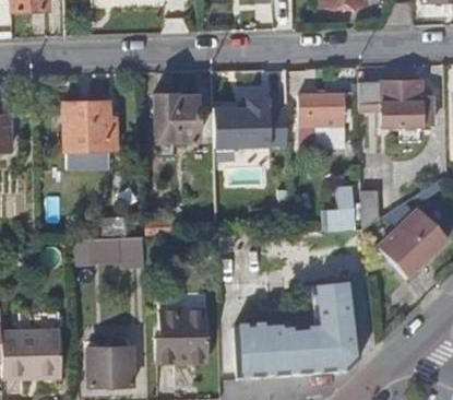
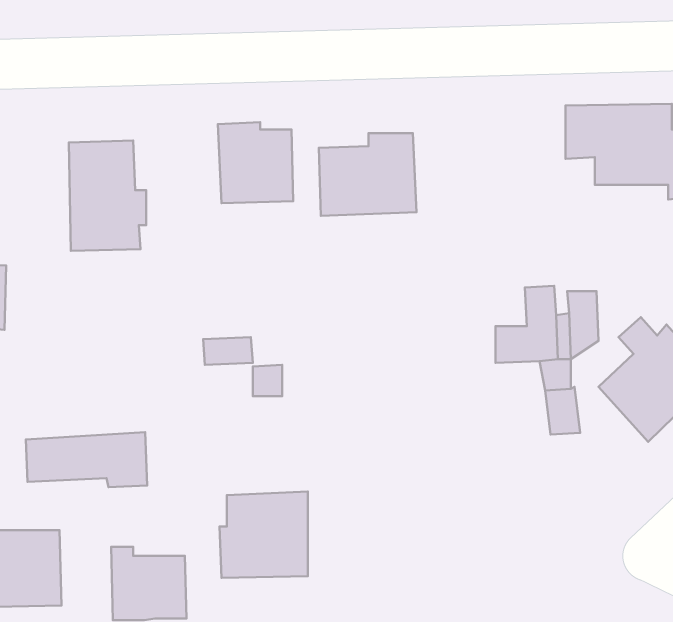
building: [299,93,351,146] -> none
building: [71,235,143,268] -> [26,432,147,487]
building: [228,283,359,379] -> none

